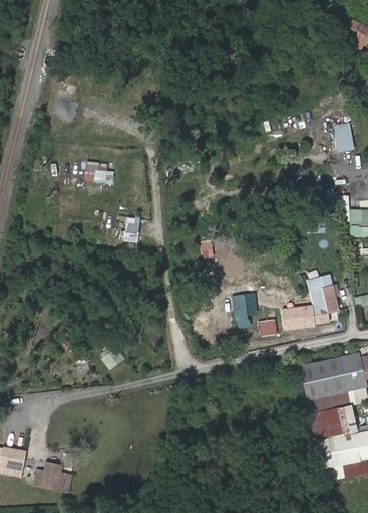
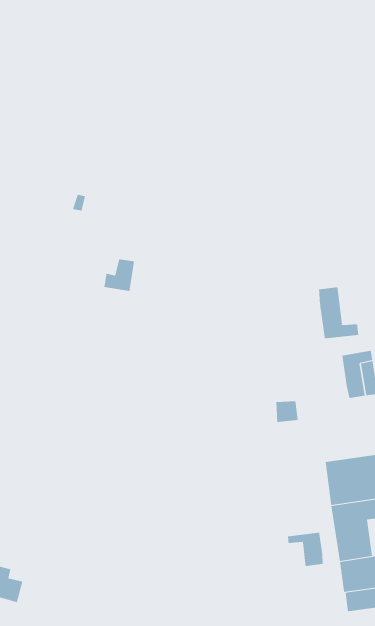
building: none -> [319,286,359,339]
building: [232,294,257,328] -> none
building: [281,297,316,328] -> none
building: none -> [287,532,323,567]

